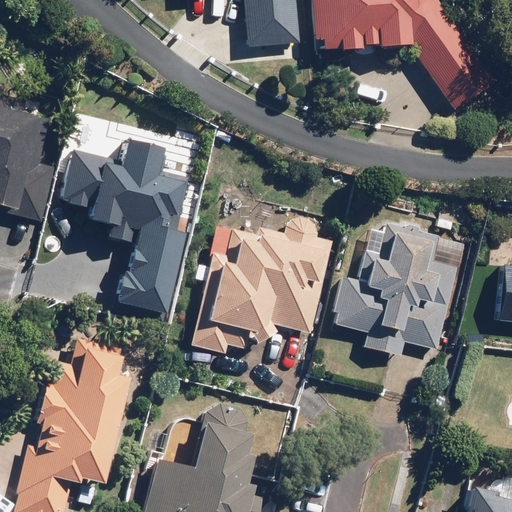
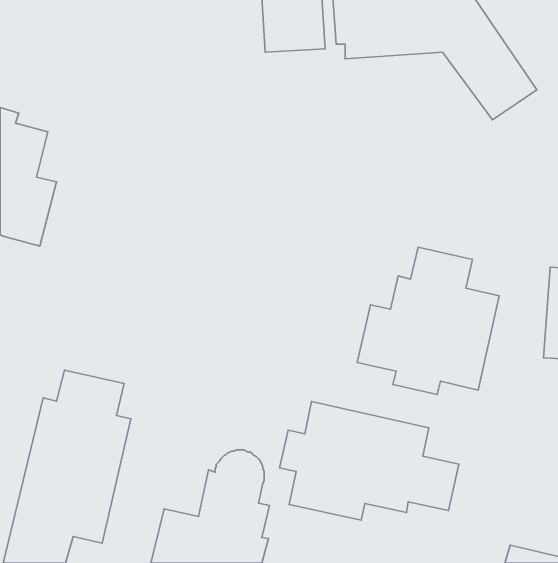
building: [59,136,189,314] -> none
building: [188,214,337,355] -> none
building: none -> [280,402,459,520]

